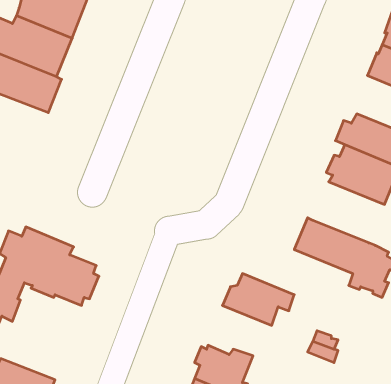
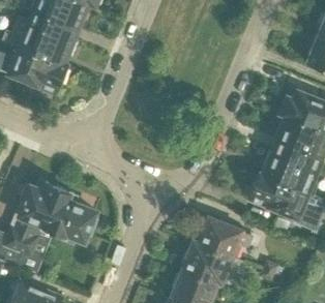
building: none -> [263,144,319,193]
building: none -> [179,240,243,283]

